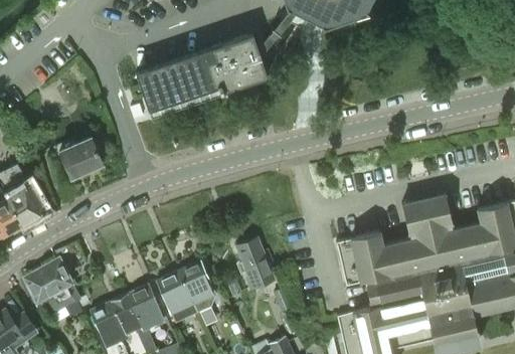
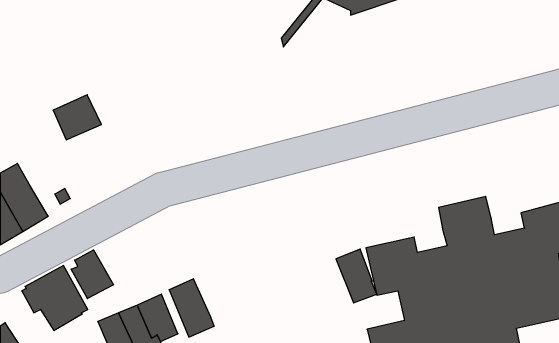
building: [137,34,269,118] -> none
building: [60,138,105,179] -> [53,95,101,140]
building: [237,237,275,287] -> [336,249,377,303]
building: none -> [71,250,113,299]
building: [179,260,216,313] -> none

